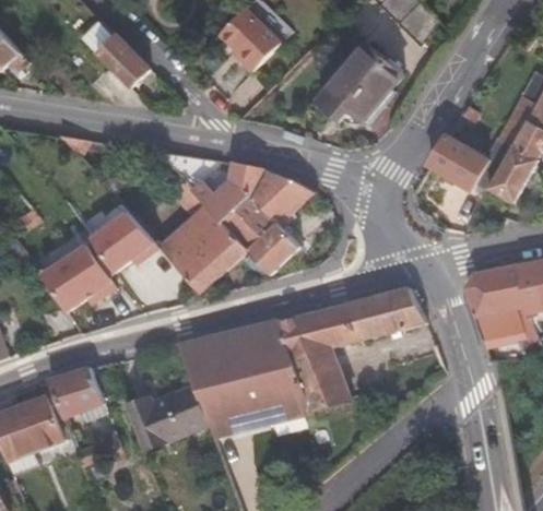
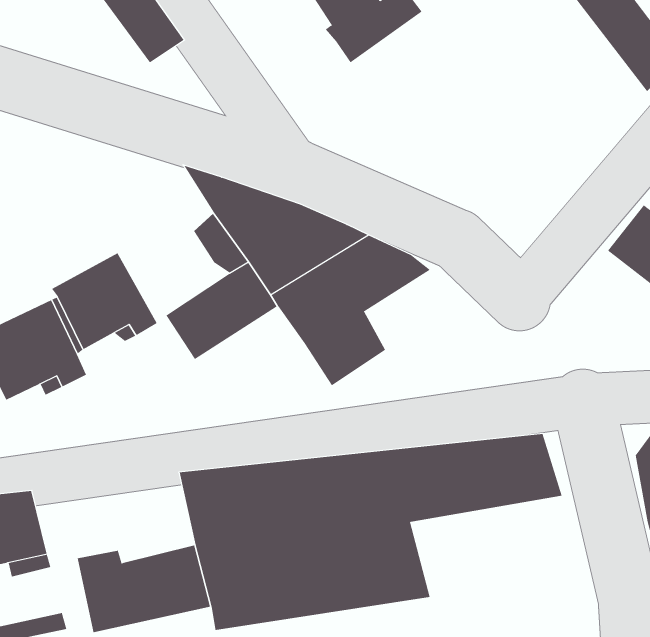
building: [318,45,404,121] -> none
building: [181,229,248,292] -> none

